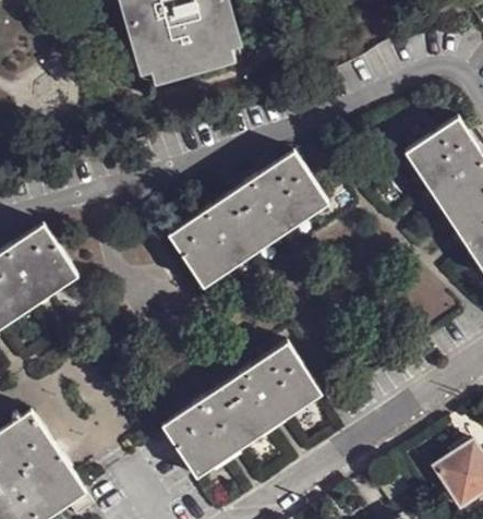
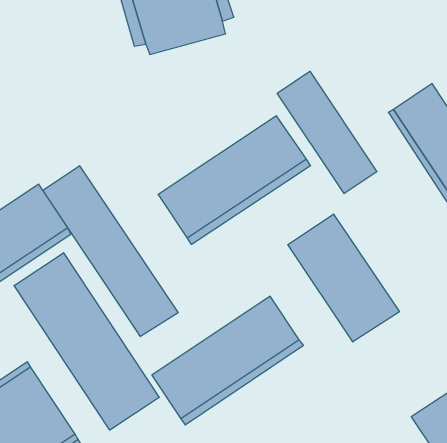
building: none -> [277,71,377,194]
building: none -> [43,166,178,337]
building: none -> [288,214,399,342]
building: none -> [14,253,159,430]

